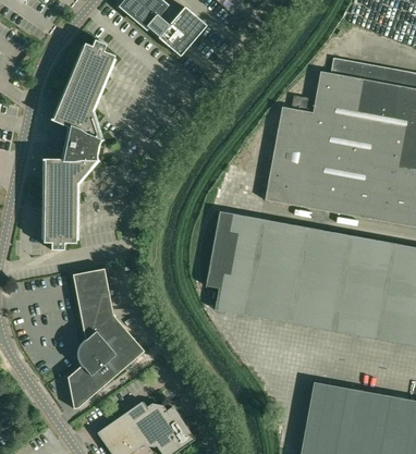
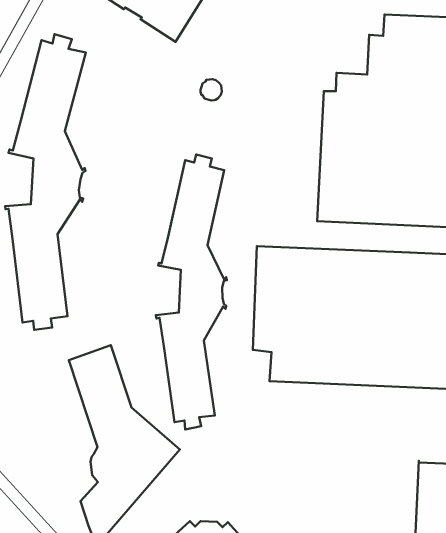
building: none -> [156,154,227,429]

